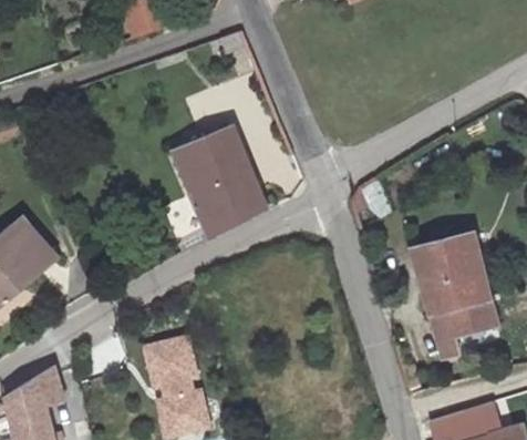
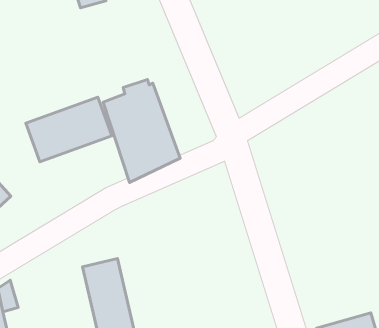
building: none -> [26,97,112,162]
building: [413,228,500,357] -> none

